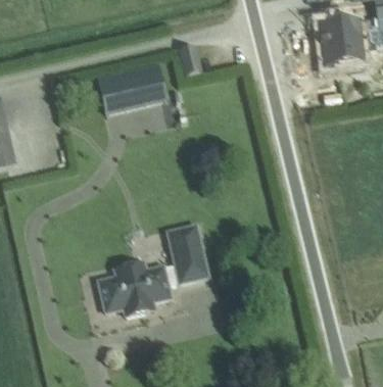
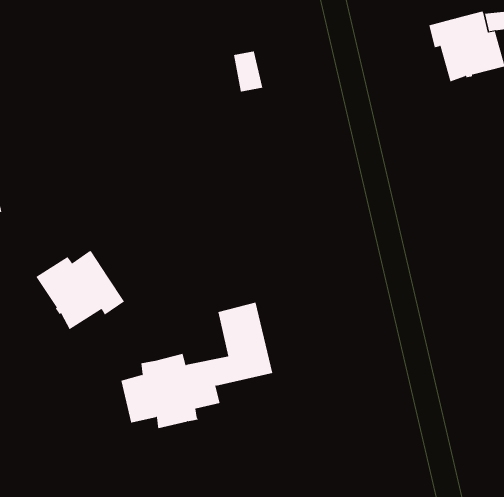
building: [96,64,165,114] -> none
building: none -> [36,250,125,330]

